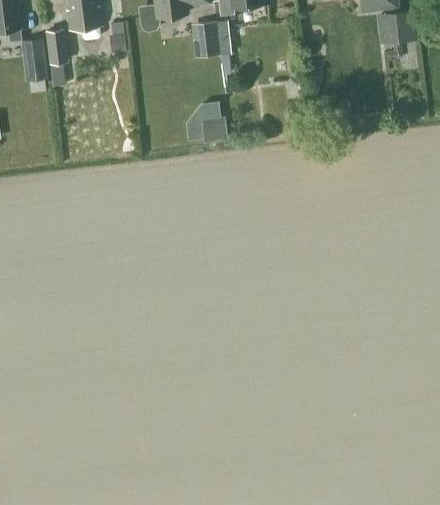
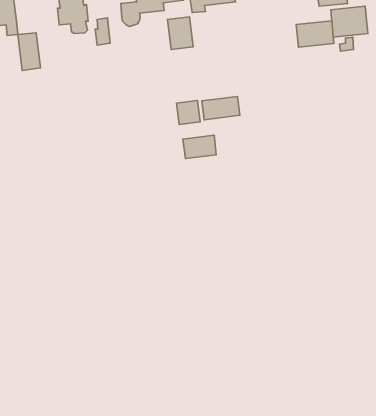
building: none -> [296,21,334,47]
building: [47,29,66,62] -> none
building: none -> [202,96,240,120]
building: none -> [183,135,216,159]

